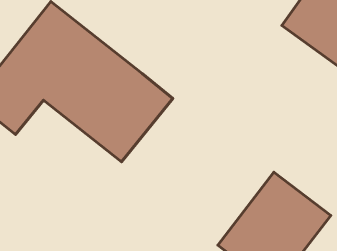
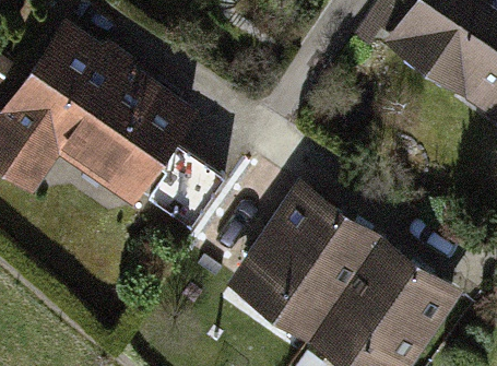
building: none -> [223,188,378,347]

